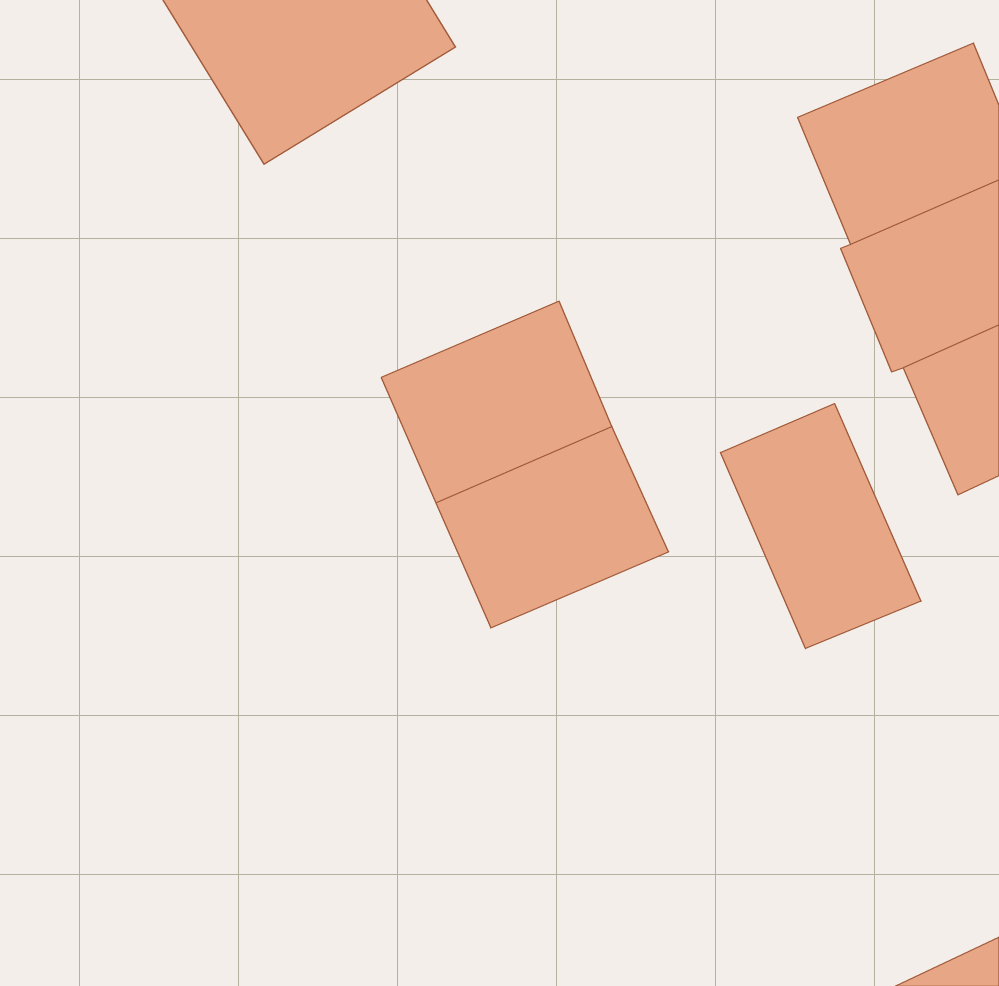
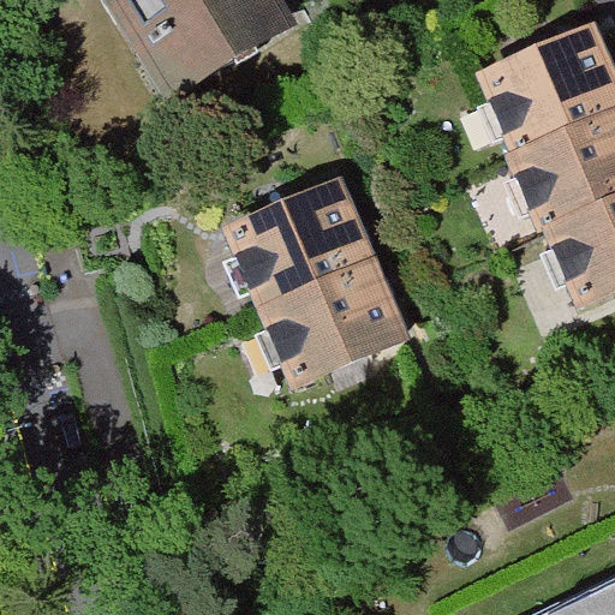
building: [721,404,921,649] -> none

